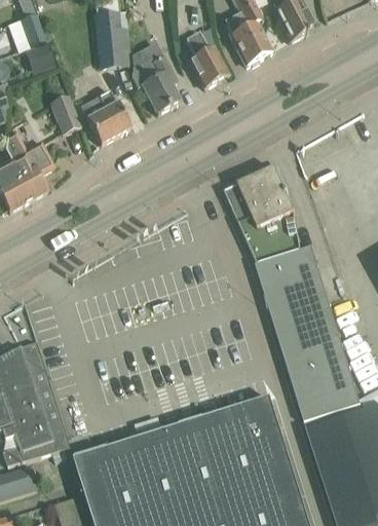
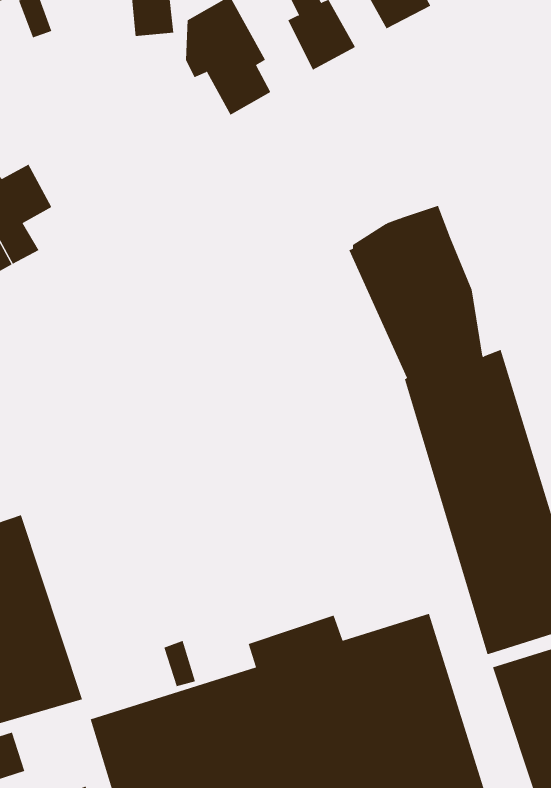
building: [79,88,130,143] -> none
building: [51,98,82,137] -> none

